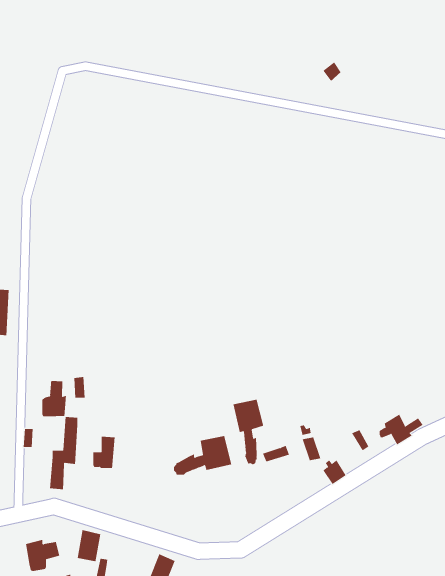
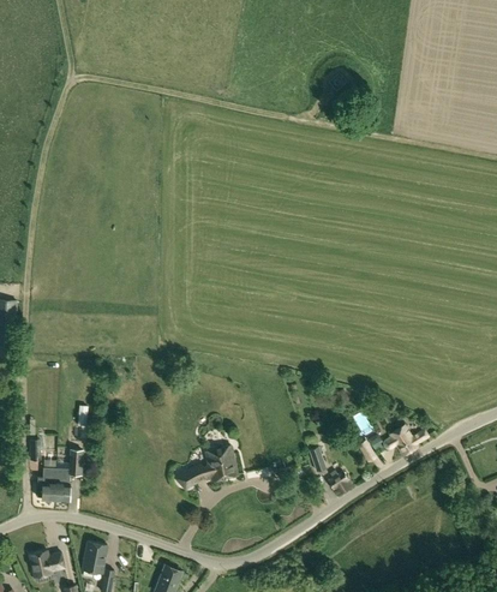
building: [42,380,67,417] -> none
building: [233,399,264,465] -> none
building: [92,436,115,469] -> [35,466,58,498]

